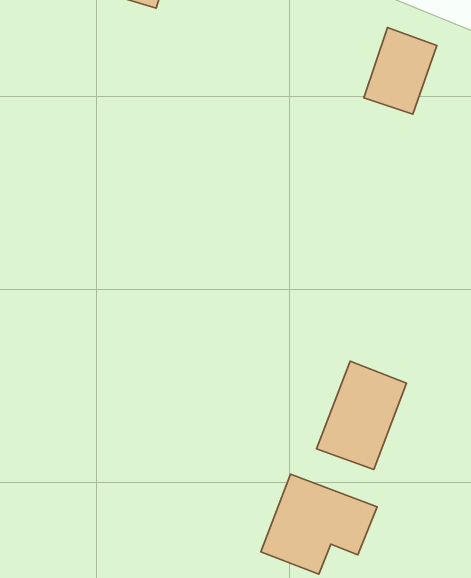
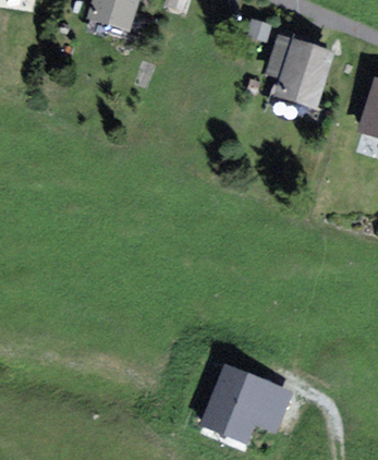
building: [317,361,407,469] -> none

